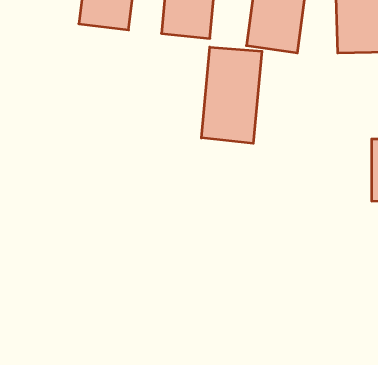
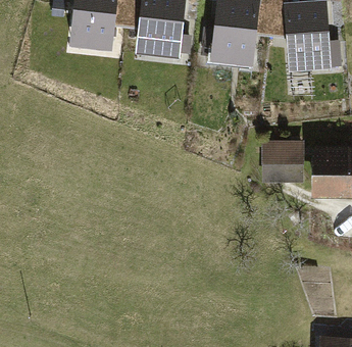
building: [201,47,262,143] -> none
building: none -> [261,142,304,182]

